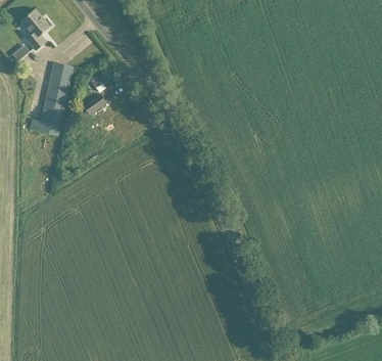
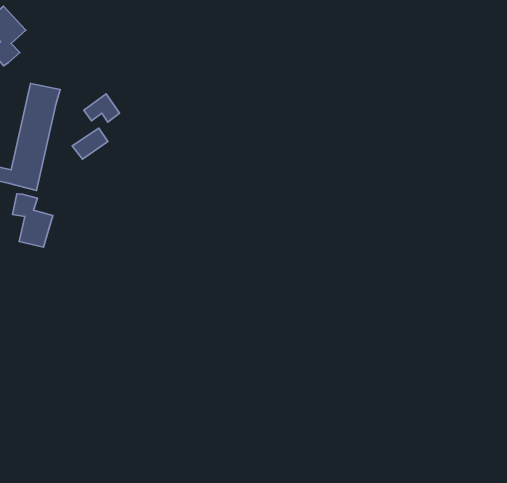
building: none -> [12,194,53,247]

